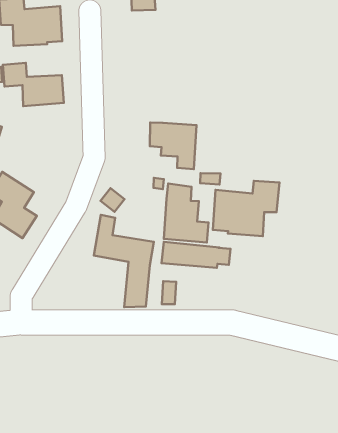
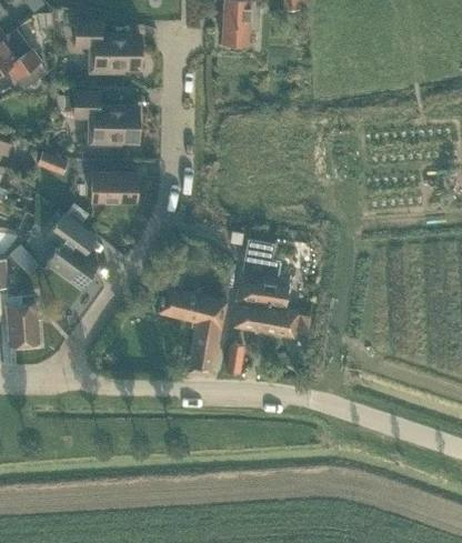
building: [150,123,196,169] -> none
building: none -> [92,173,138,204]
building: [213,181,279,236] -> none

